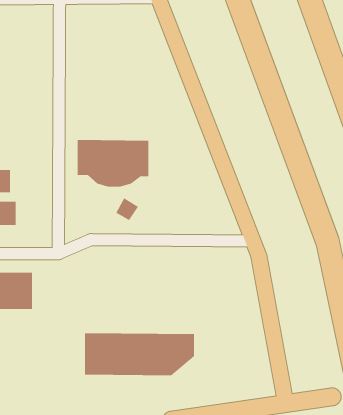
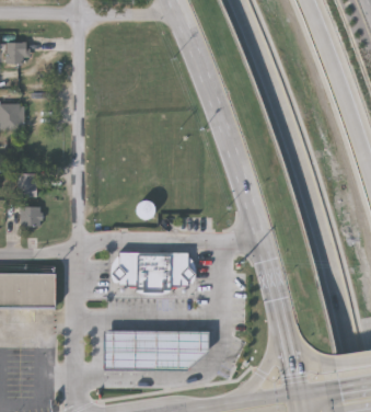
building: [77,139,149,187] -> [118,251,186,296]

